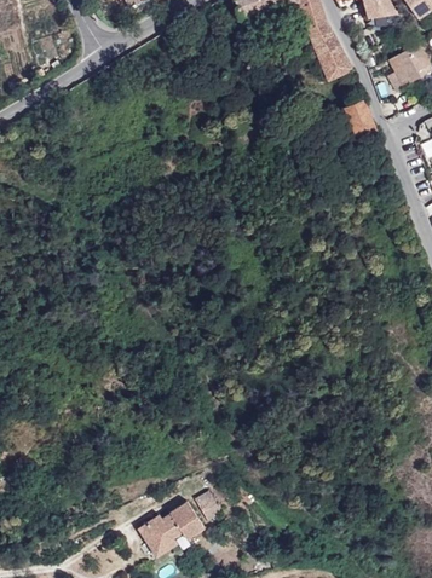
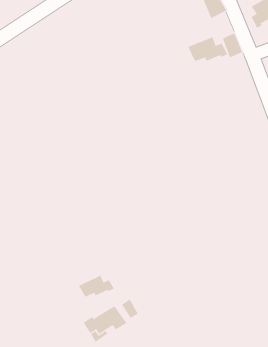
building: none -> [187,36,228,62]
building: none -> [78,275,115,298]

